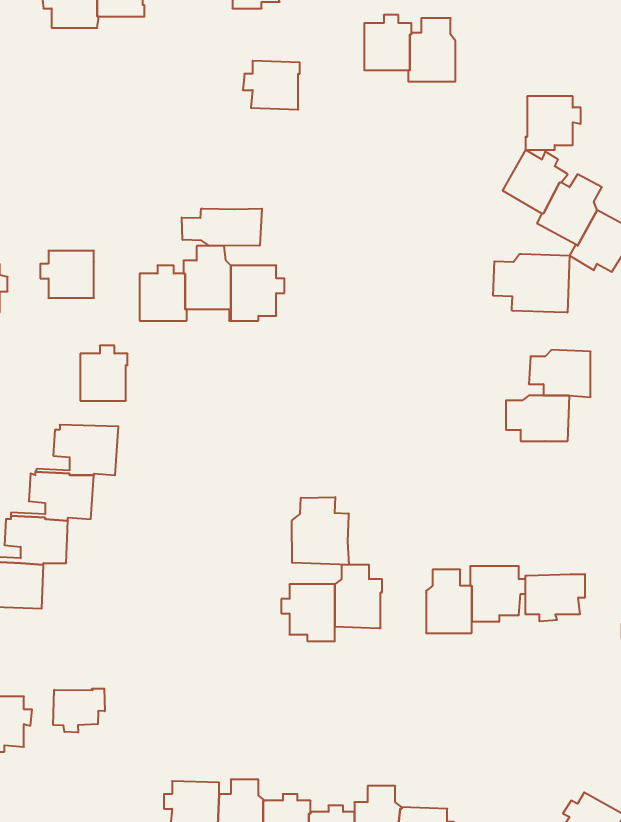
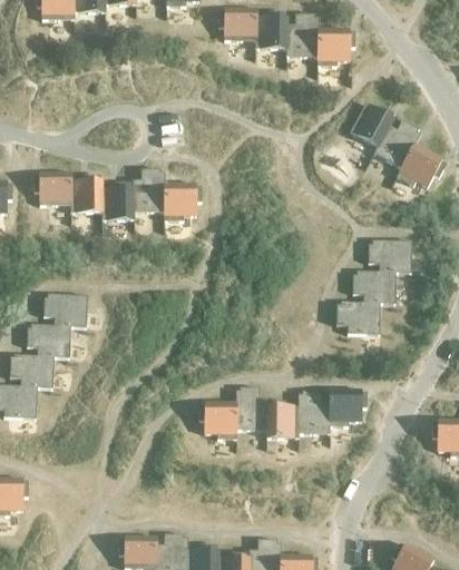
building: [243,61,300,110] -> [217,8,256,41]
building: [525,96,581,150] -> [316,29,354,66]
building: [182,209,262,246] -> none
building: [493,254,569,313] -> none
building: [80,346,128,401] -> [70,175,102,213]
building: none -> [336,302,379,335]
building: [292,497,349,565] -> none
building: [525,574,585,621] -> none
building: none -> [265,400,297,439]
building: [53,689,105,733] -> none

